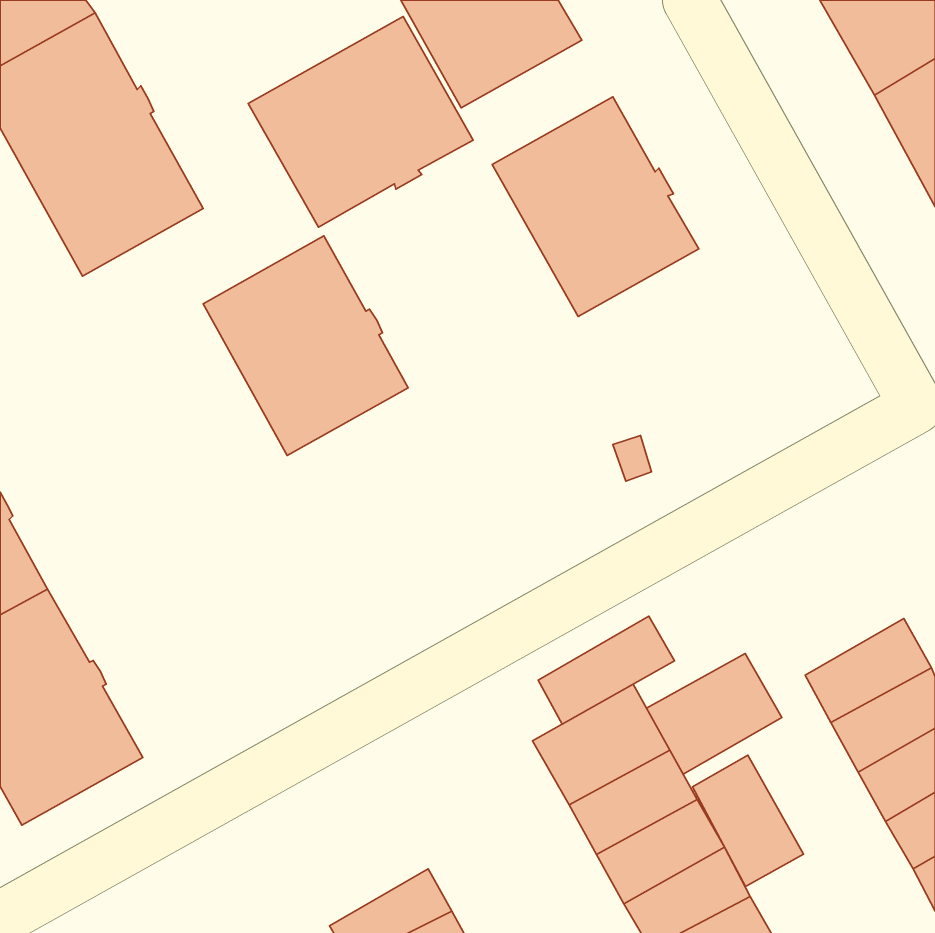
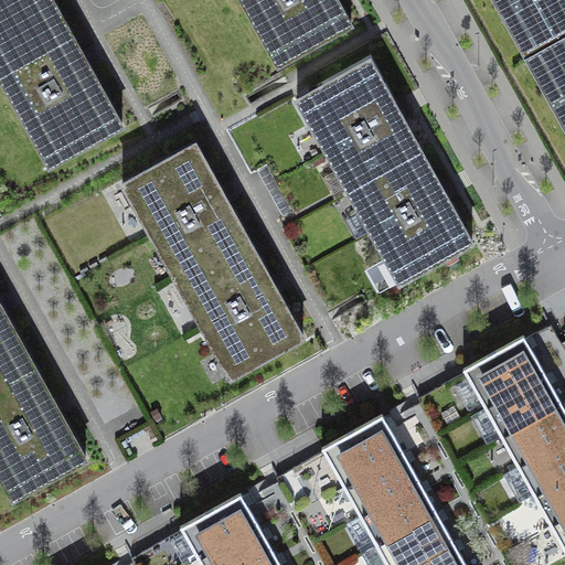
building: [248,17,473,227] -> none
building: none -> [349,151,472,284]
building: none -> [173,235,303,377]
building: [538,616,675,724] -> none
building: [646,653,782,774] -> [463,335,545,408]
building: [693,755,804,886] -> none
building: none -> [180,493,258,559]

